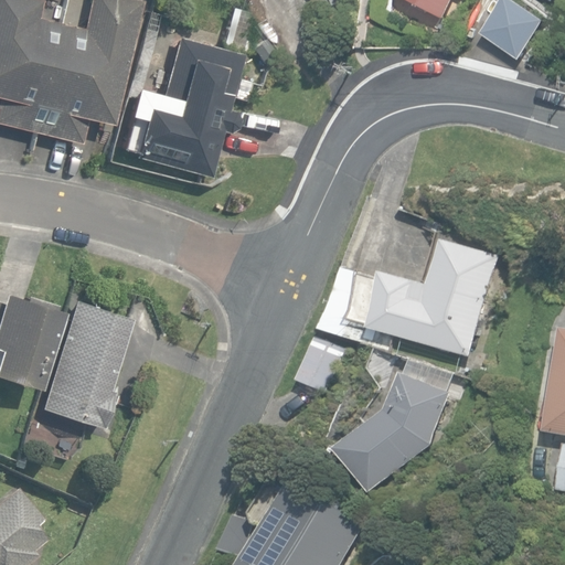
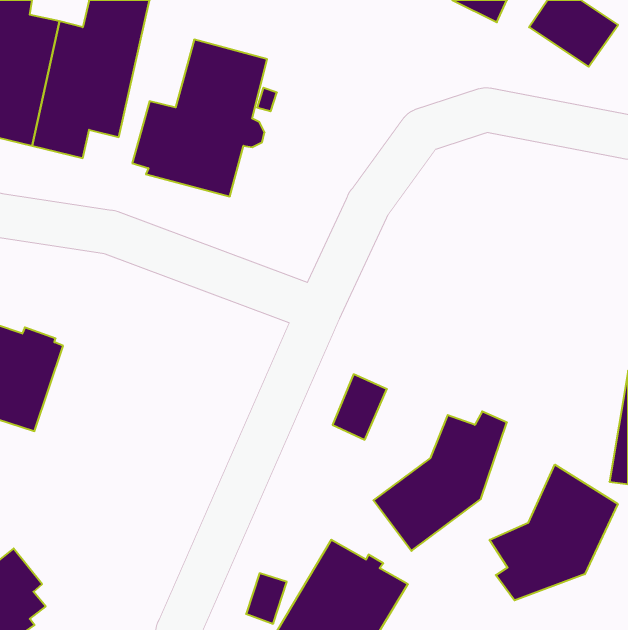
building: [327,239,500,356] -> none
building: [36,299,127,425] -> none
building: none -> [490,465,618,600]

